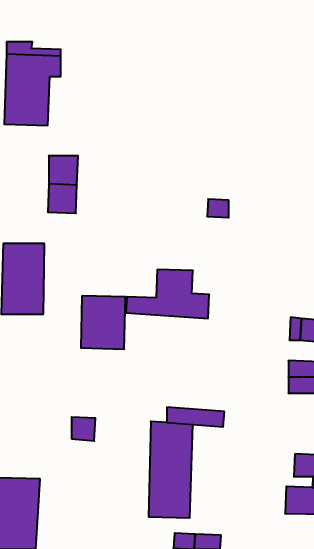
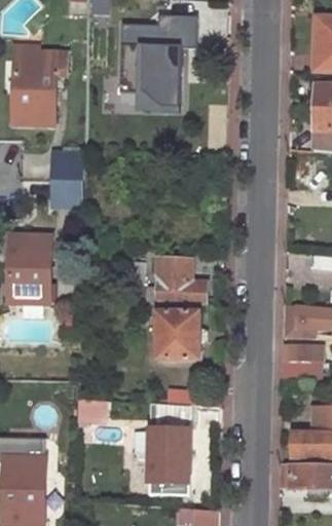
building: none -> [115,15,193,115]
building: [81,296,125,349] -> [159,308,201,359]

